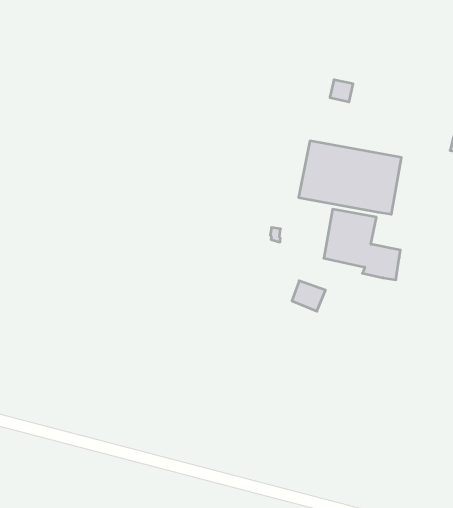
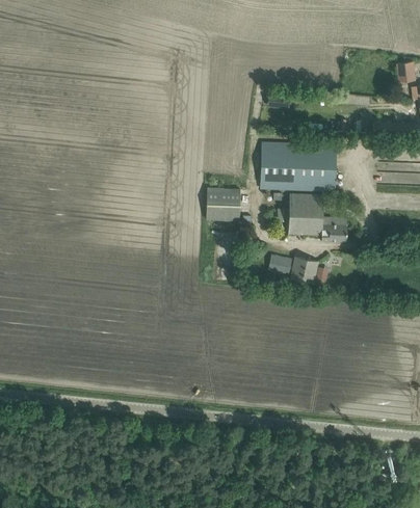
building: none -> [206,188,240,221]
building: none -> [289,257,317,284]

